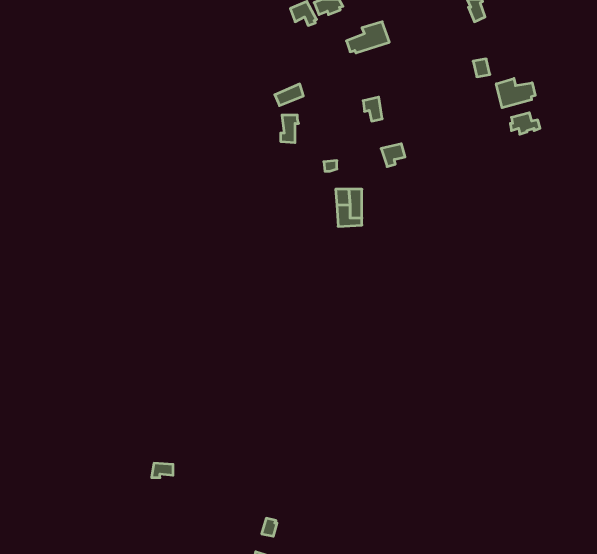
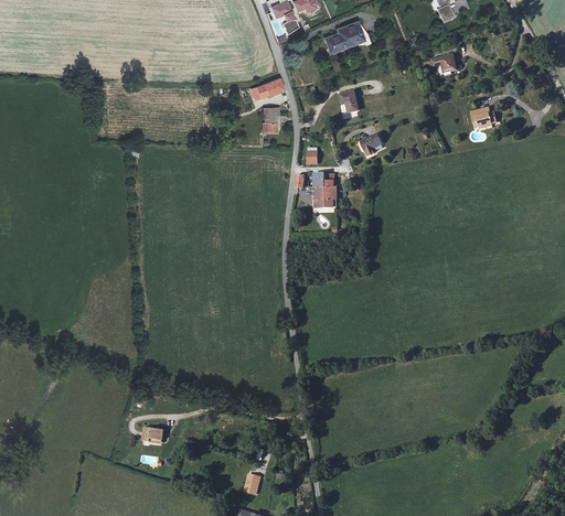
building: [496,78,535,108] -> none

